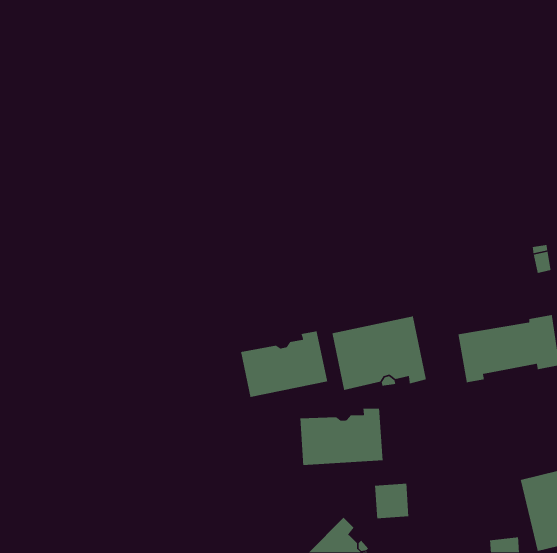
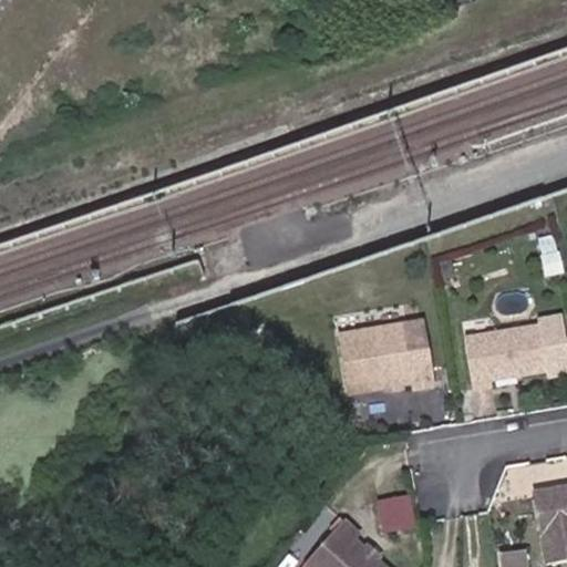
building: [240,330,328,398] -> none
building: [299,408,384,466] -> none

